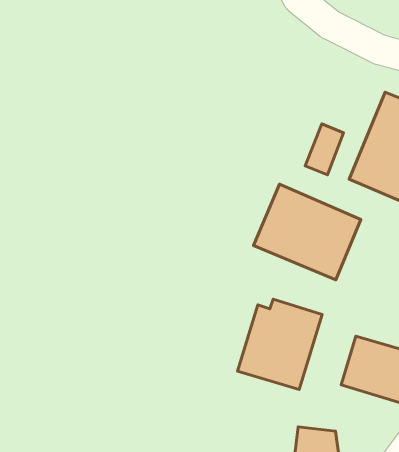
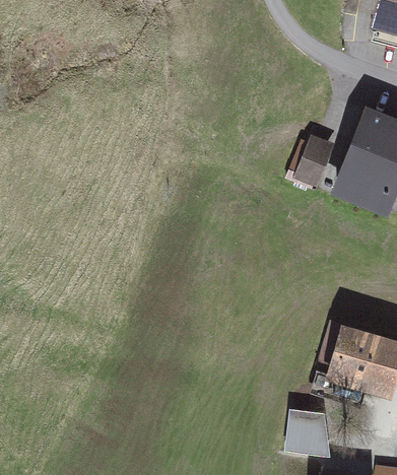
building: [253,184,361,280] -> none
building: [237,299,322,390] -> none

